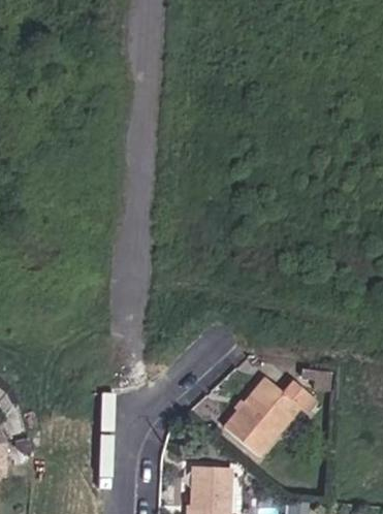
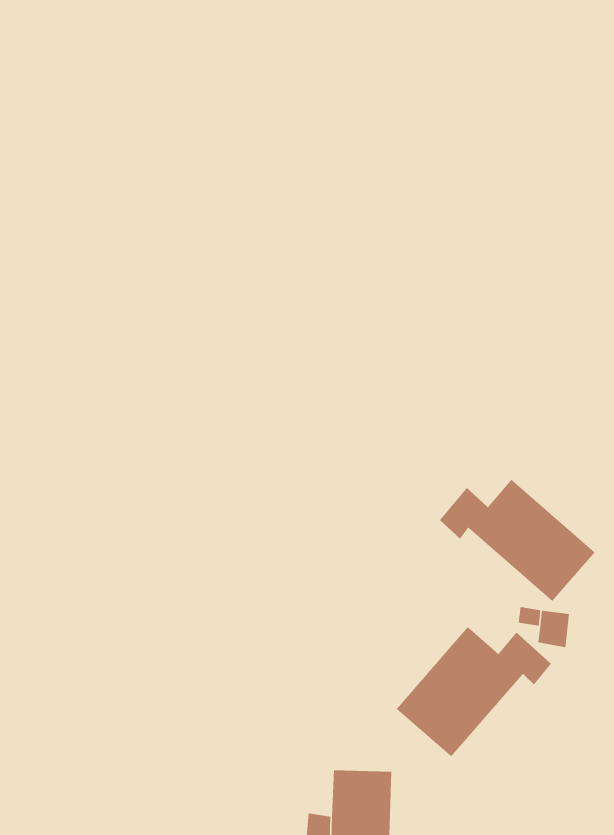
building: none -> [439,479,595,602]

